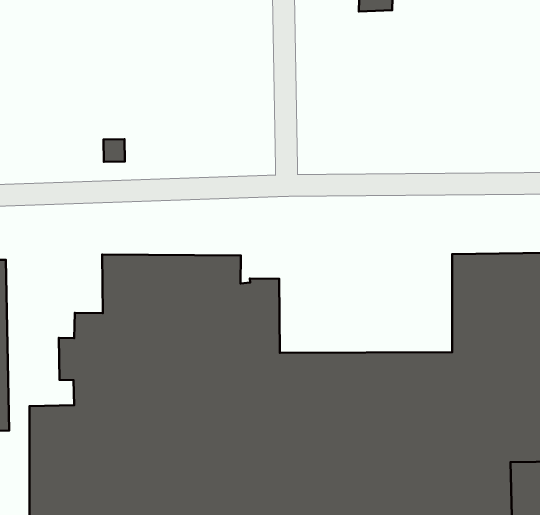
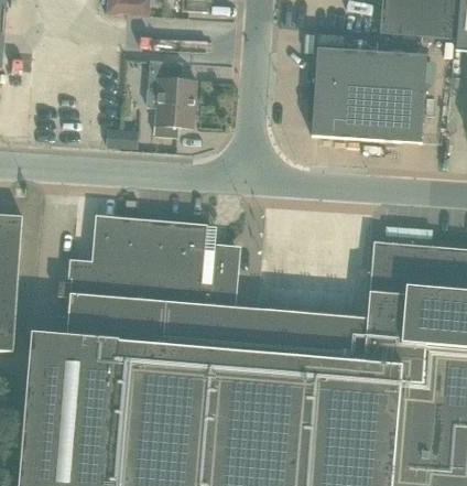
building: none -> [307,47,426,142]
building: none -> [148,60,196,138]

